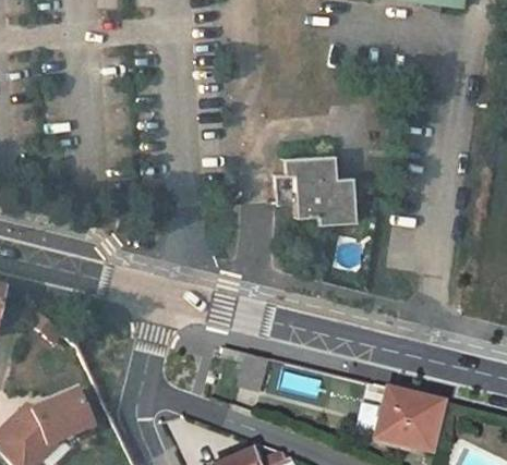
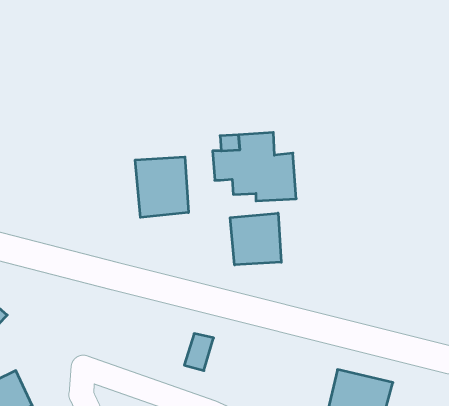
building: none -> [135,157,188,217]
building: none -> [230,213,281,265]

